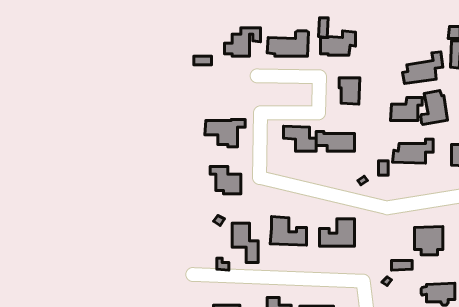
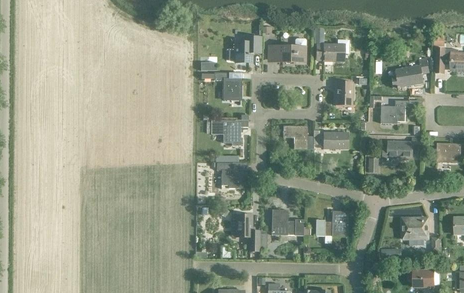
building: none -> [201,72,240,99]
building: [421,90,447,124] -> none

